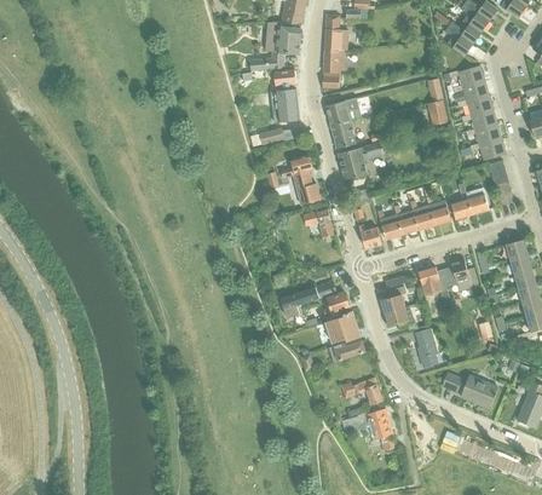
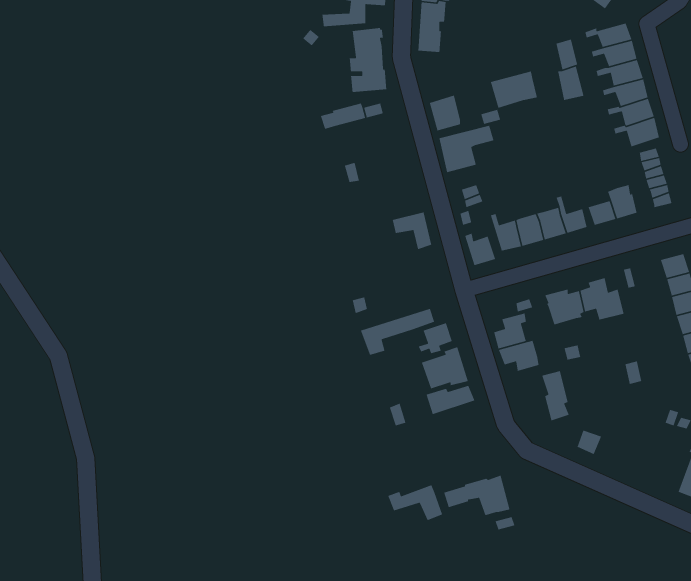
building: [324,97,361,126] -> [490,70,538,109]
building: [279,154,319,203] -> none
building: [460,375,497,404] -> none
building: [340,376,382,404] -> [387,484,443,521]

